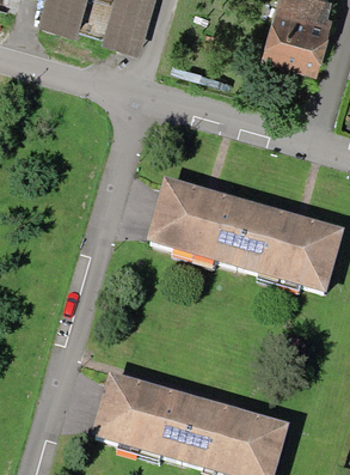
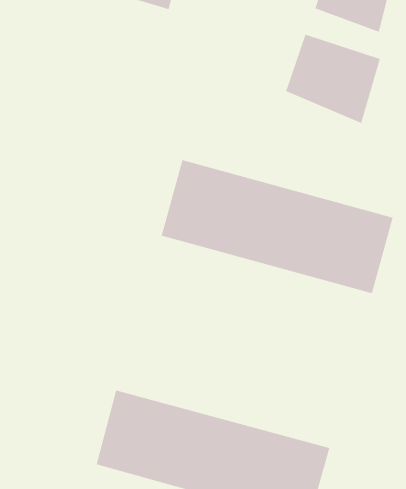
building: none -> [285,34,381,124]

